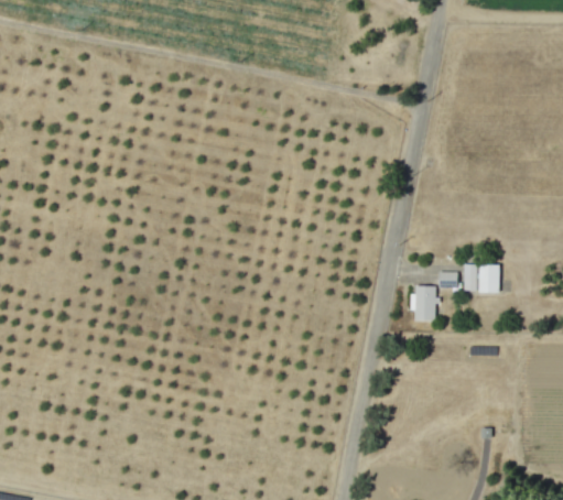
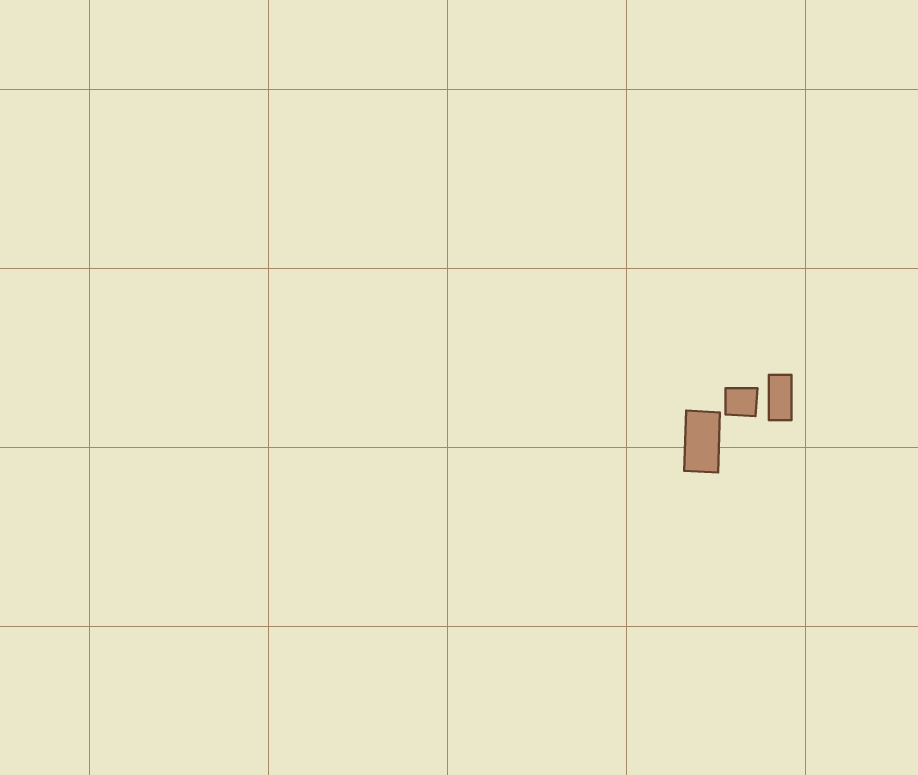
building: [479,265,499,293] -> none

